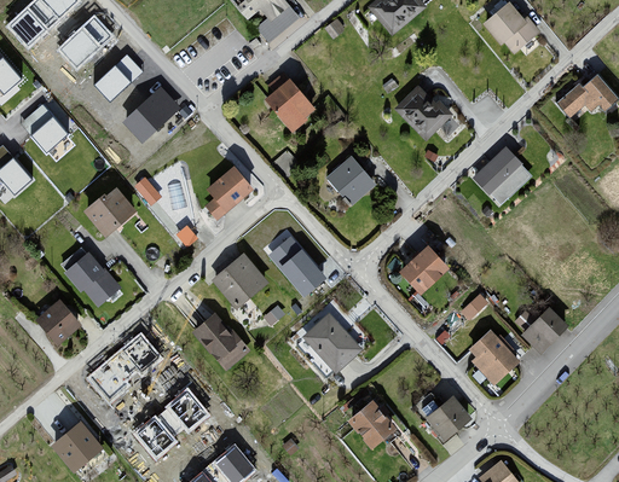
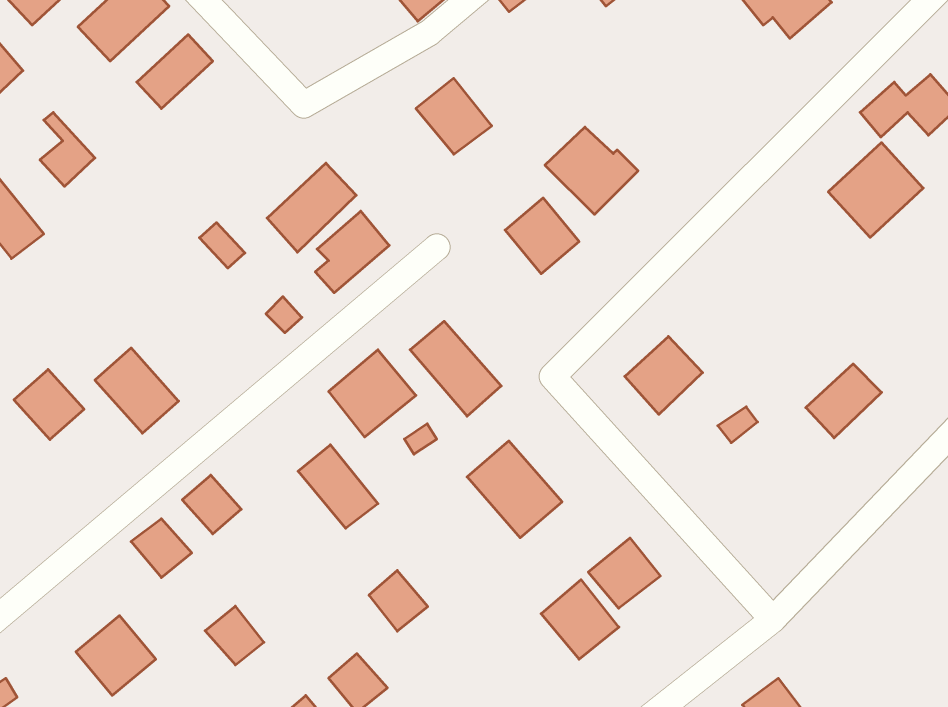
building: [121,85,178,141] -> [267,163,356,252]
building: [392,85,451,140] -> [545,127,638,214]
building: [472,146,532,207] -> [828,143,923,237]
building: [86,187,138,237] -> none
building: [37,301,82,345] -> [14,369,84,440]
building: [521,306,569,353] -> [806,364,882,438]
building: [469,336,519,385] -> none
building: [168,388,206,426] -> [369,570,428,631]
building: [428,395,474,440] -> [588,538,660,608]

